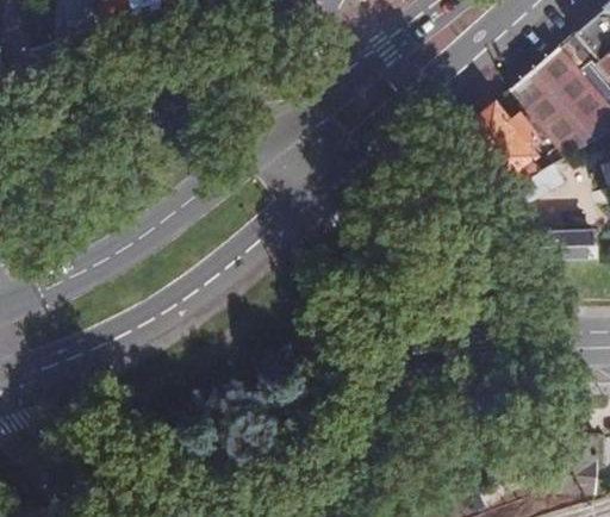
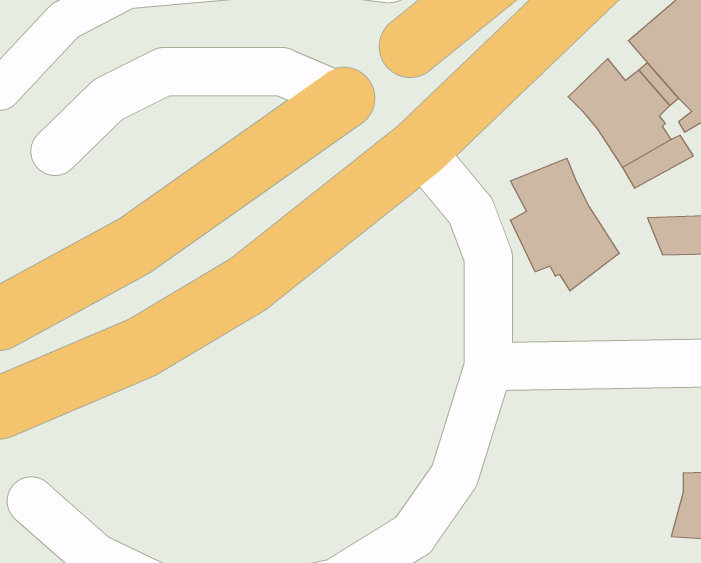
building: none -> [510,158,619,291]

